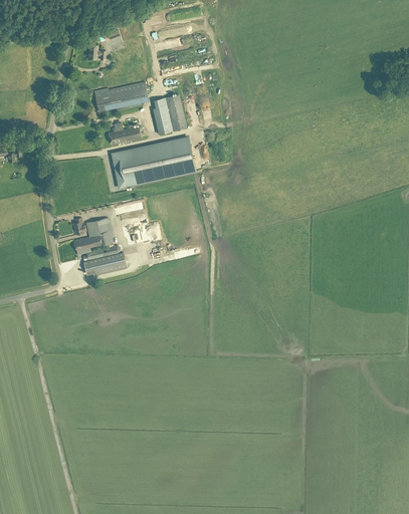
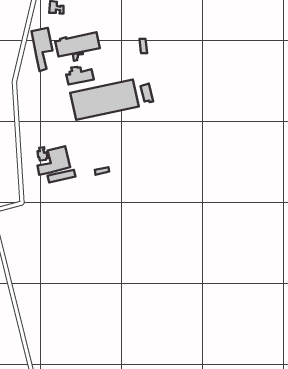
building: none -> [31,28,53,71]
building: [153,93,186,134] -> none
building: [83,252,126,277] -> none

